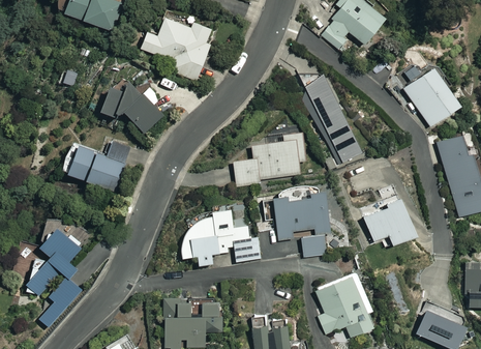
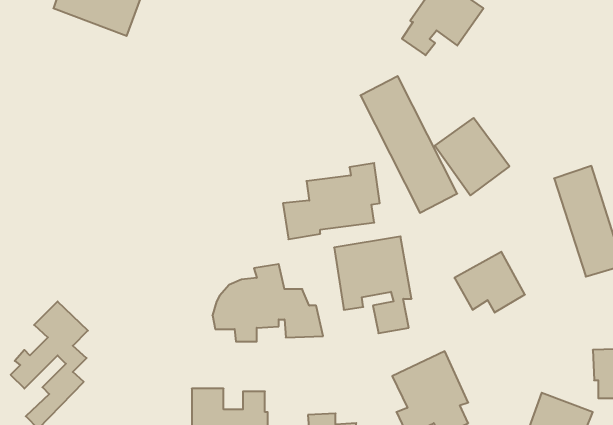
building: [146,22,217,83] -> none
building: [402,65,458,123] -> [435,118,509,195]
building: [108,88,170,138] -> none
building: [66,143,136,195] -> none

